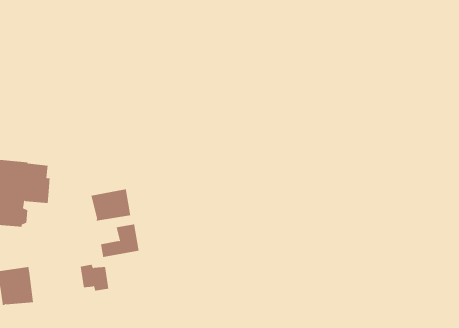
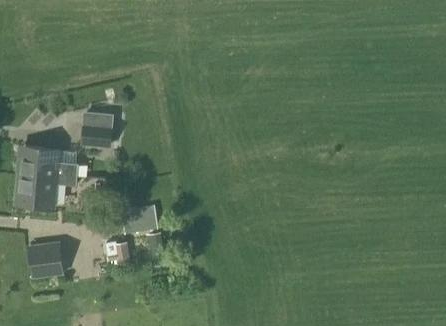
building: none -> [80,125,112,148]
building: [91,188,131,221] -> none

